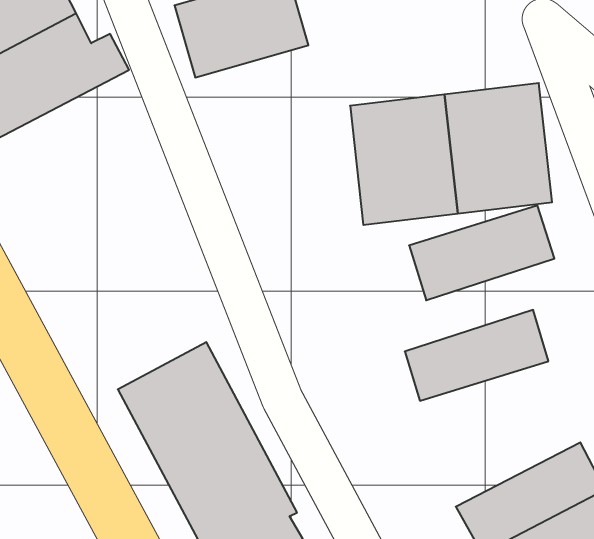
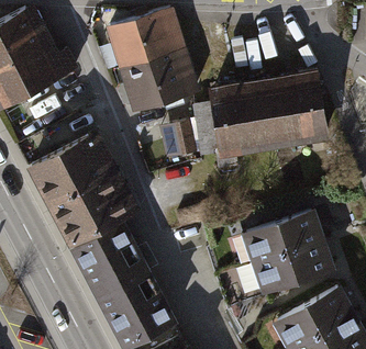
building: none -> [119,55,197,115]
building: none -> [26,137,137,249]
building: [409,206,554,300] -> [249,238,334,293]

